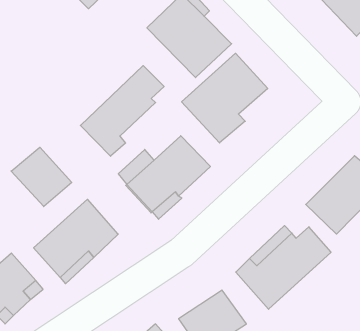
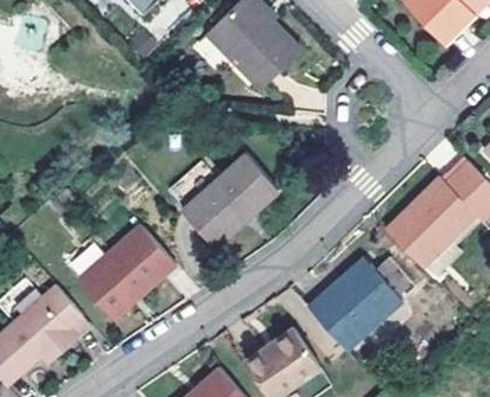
building: [182,53,268,143] -> none
building: [80,66,164,156] -> none
building: [11,147,72,207] -> none

